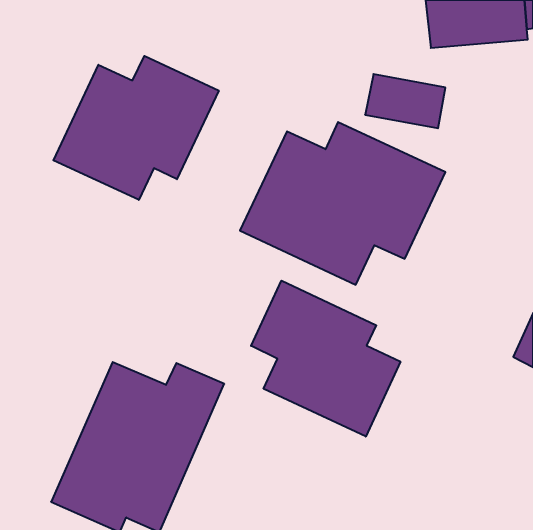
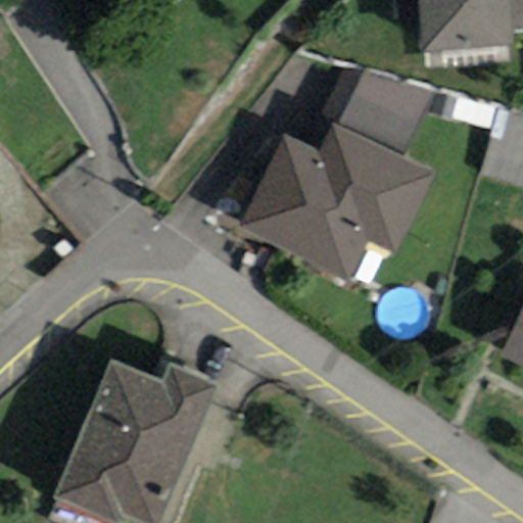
building: [53,56,219,200] -> none
building: [251,281,400,437] -> none

